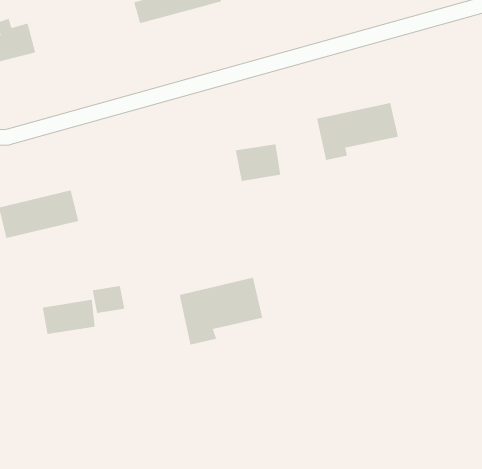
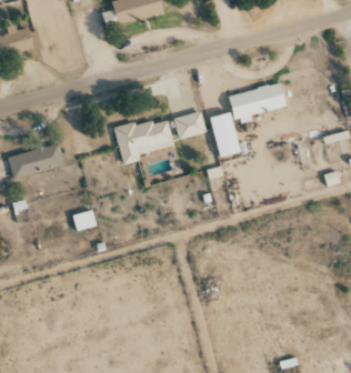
building: none -> [209,111,241,158]
building: [179,277,263,345] -> [114,117,173,164]
building: [42,299,95,335] -> none

